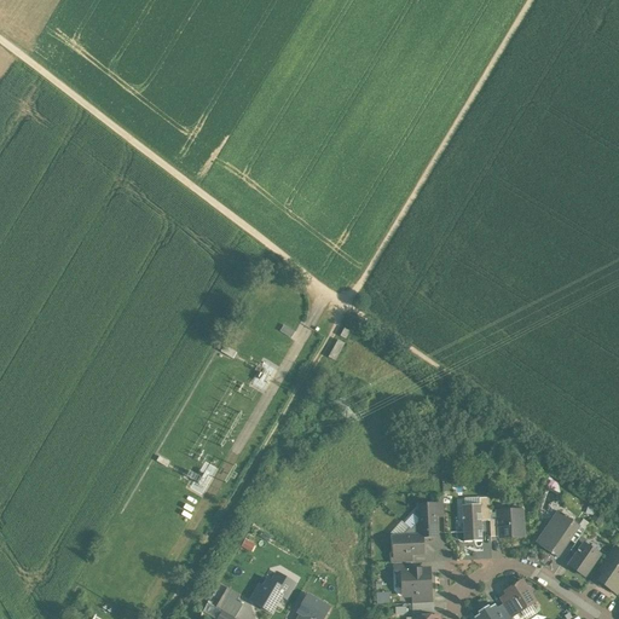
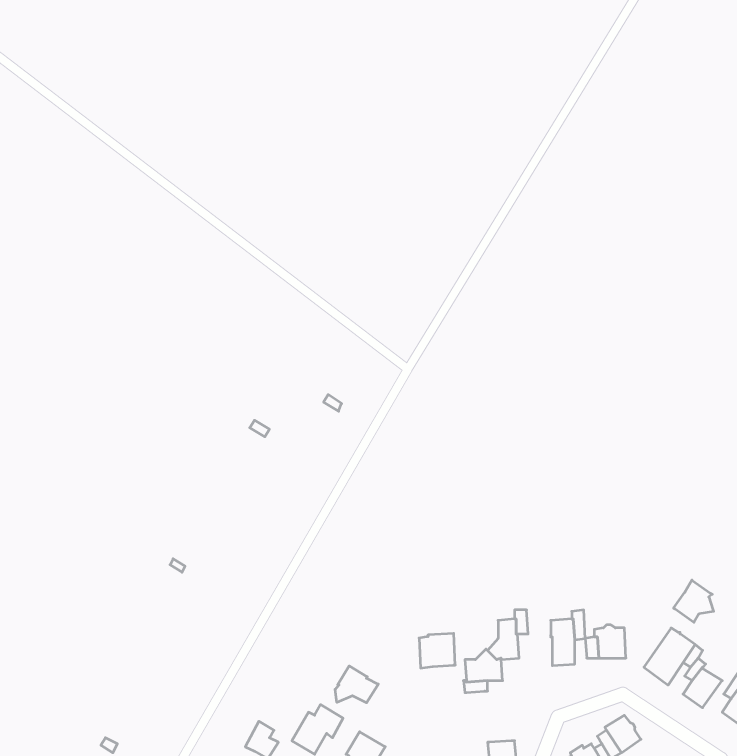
building: none -> [674,580,714,622]
building: none -> [335,666,378,703]
building: [401,568,430,596] -> [419,633,455,668]

